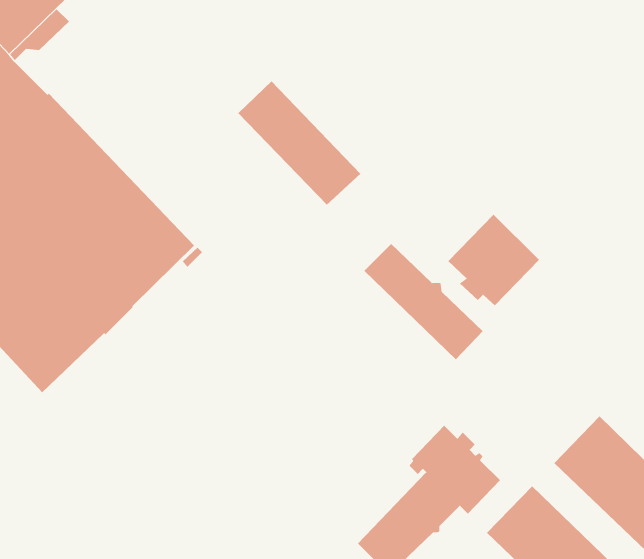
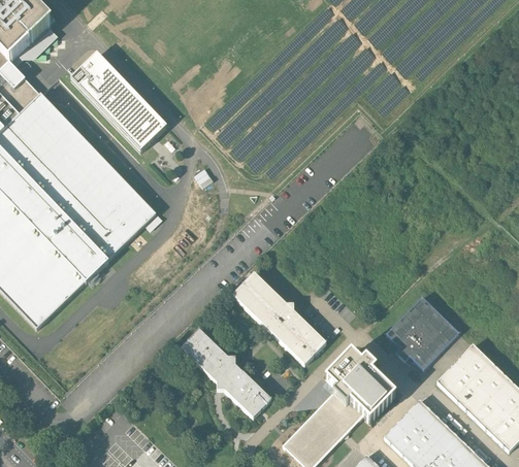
building: [237,80,361,206] -> [70,52,167,149]
building: [447,214,540,306] -> [386,296,458,368]
building: [364,243,483,360] -> [232,272,326,364]
building: none -> [181,329,271,418]

